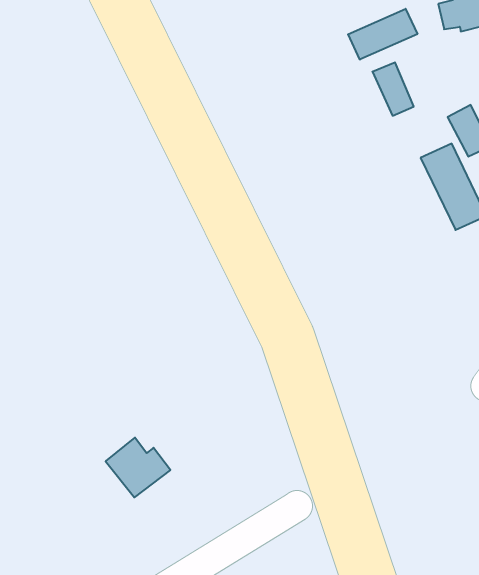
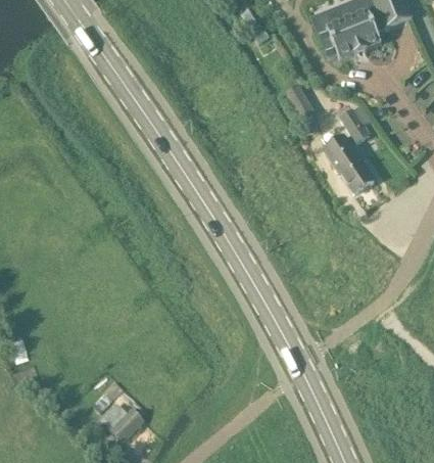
building: [348,9,417,60] -> none
building: [106,438,170,497] -> [97,399,141,438]

